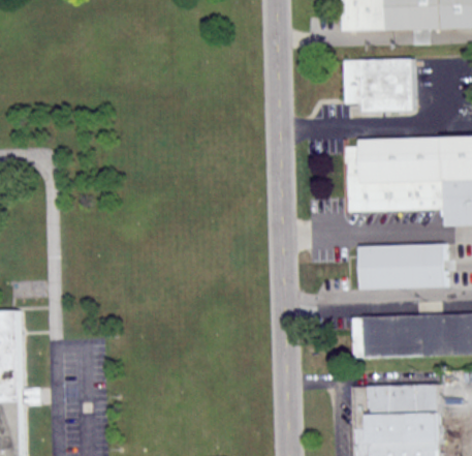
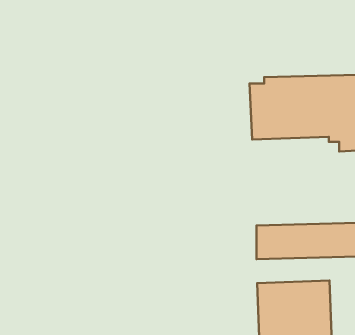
building: [342,57,413,112] -> none
building: [358,243,446,290] -> none

